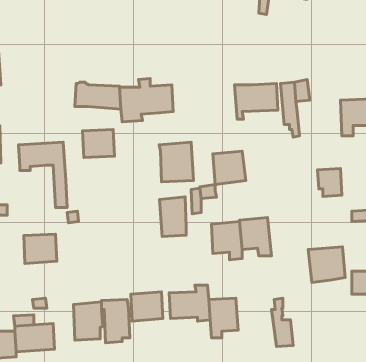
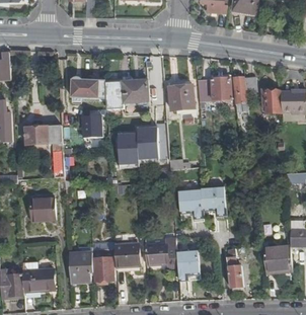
building: [213,151,246,184] -> [168,85,195,111]
building: [318,168,342,197] -> [261,91,281,113]
building: [159,197,186,237] -> [118,133,139,164]
building: [308,247,345,283] -> [262,246,292,274]

